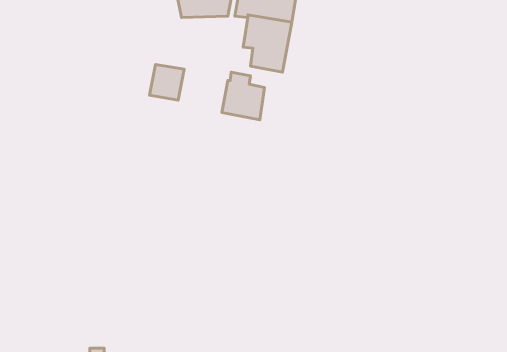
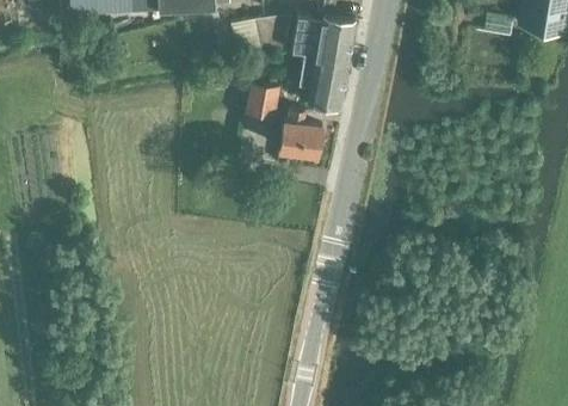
building: [150,64,184,100] -> [246,84,280,119]

